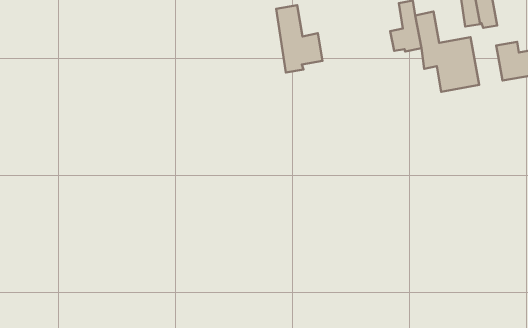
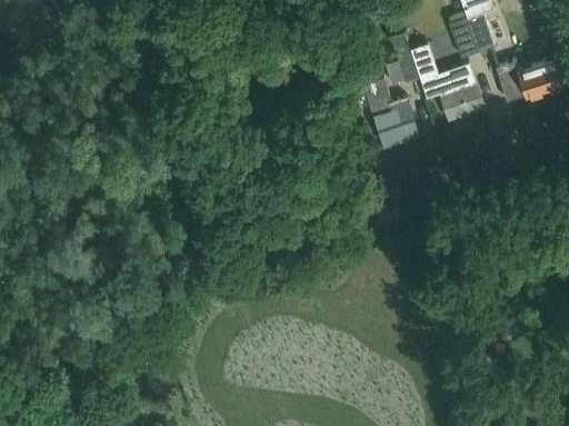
building: [276,5,323,72] -> [363,79,417,147]

